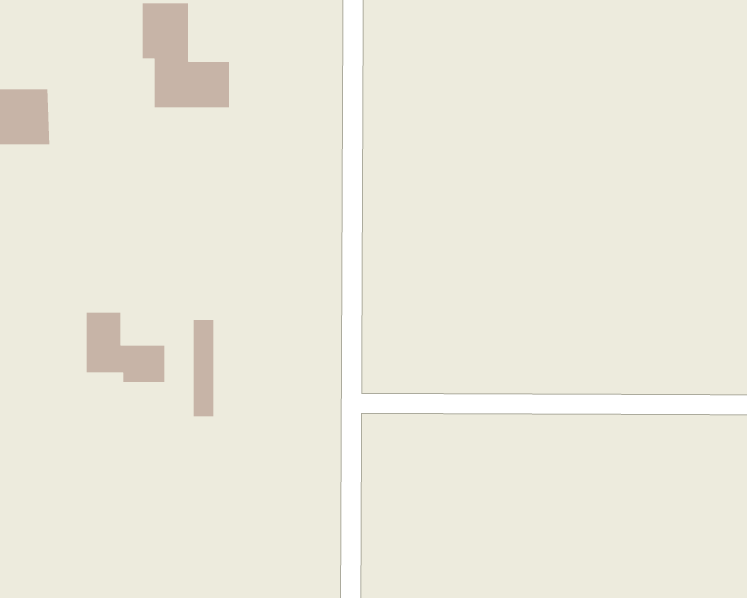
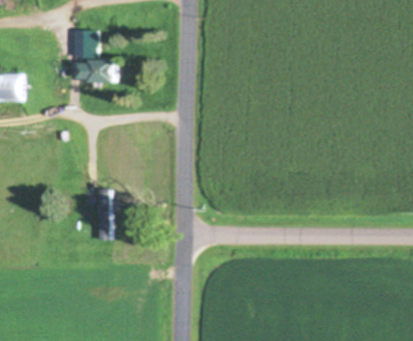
building: [86,312,165,383] -> none

